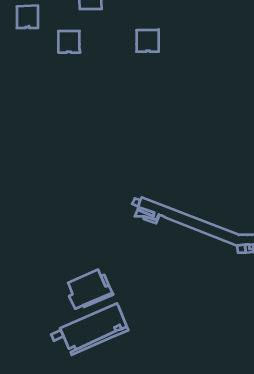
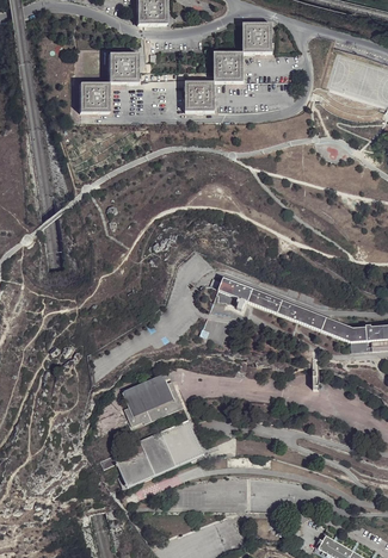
building: [17,6,38,28] -> [80,82,109,112]
building: none -> [242,23,272,52]
building: none -> [185,81,215,111]

